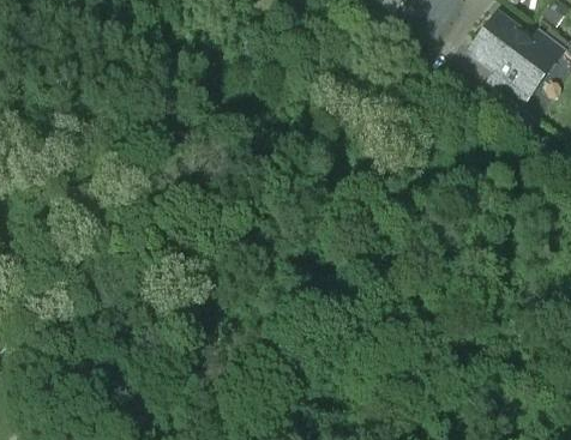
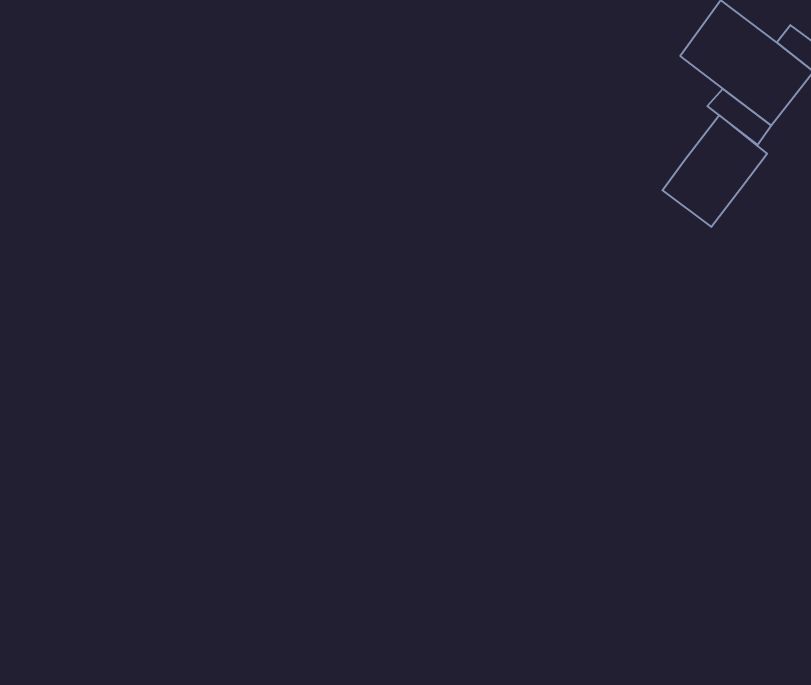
building: none -> [662,115,767,227]

